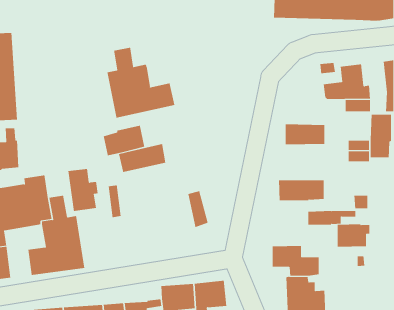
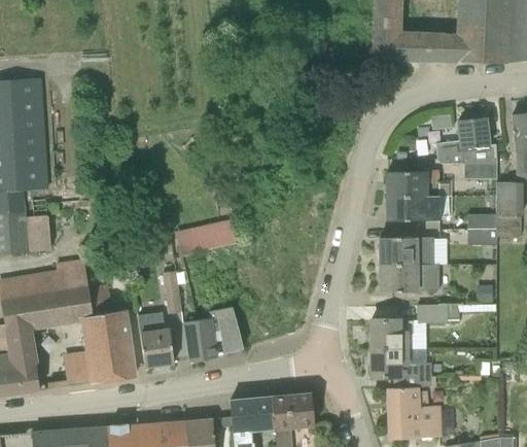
building: [107,47,175,118] -> none
building: none -> [386,171,438,195]
building: [103,125,145,156] -> none
building: none -> [379,237,431,265]
building: [68,168,98,211] -> [137,312,176,367]
building: [188,191,209,228] -> [216,306,243,353]
building: none -> [183,318,216,360]
building: [337,224,370,247] -> [371,319,413,349]

